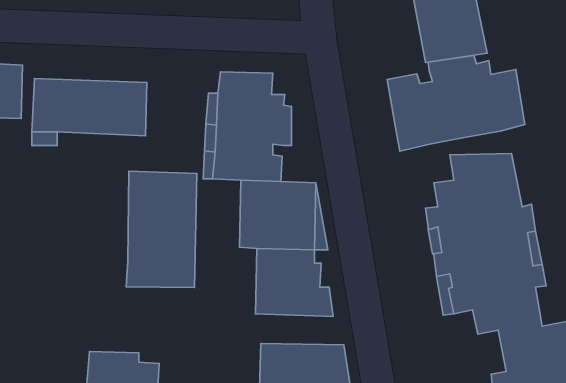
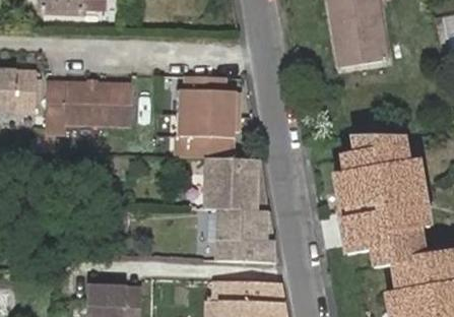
building: [387,55,525,151] -> none
building: [126,171,197,288] -> none

